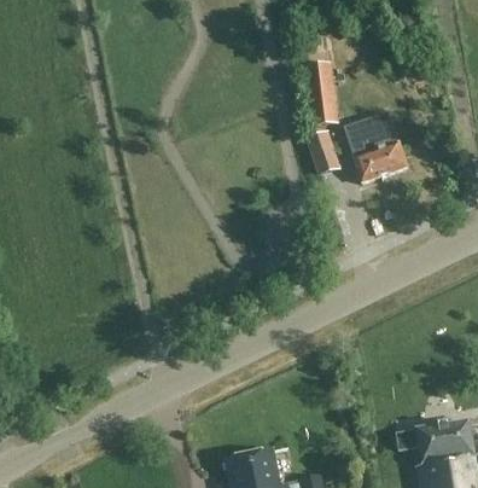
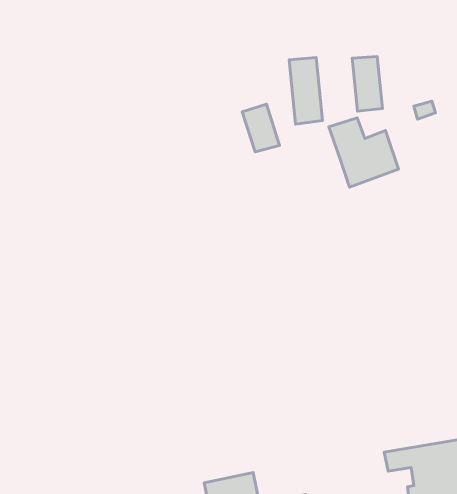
building: none -> [352,56,382,111]
building: [308,130,343,175] -> [242,104,279,152]

